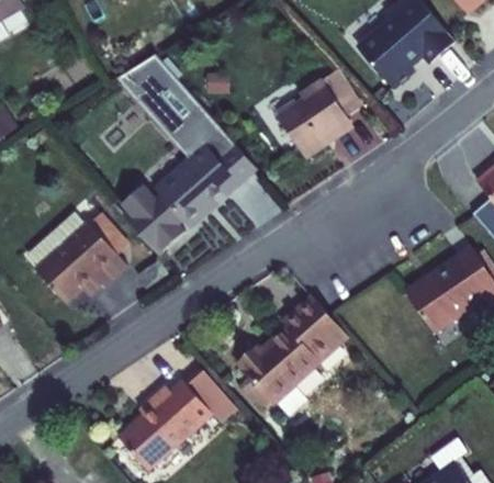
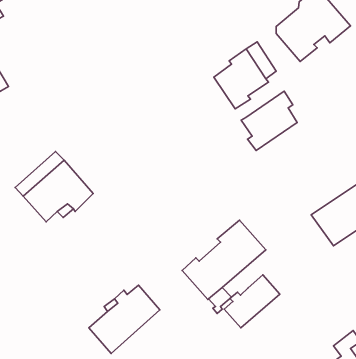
building: [119,53,257,256] -> none
building: none -> [241,91,297,150]
building: [182,367,236,423] -> none
building: none -> [224,275,280,328]

